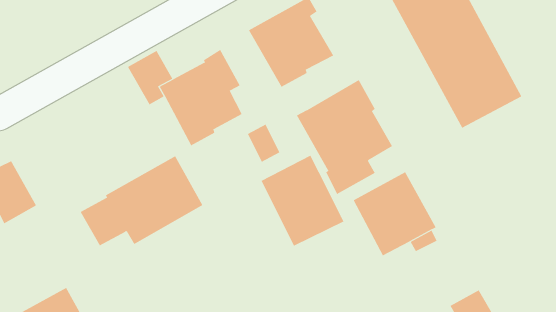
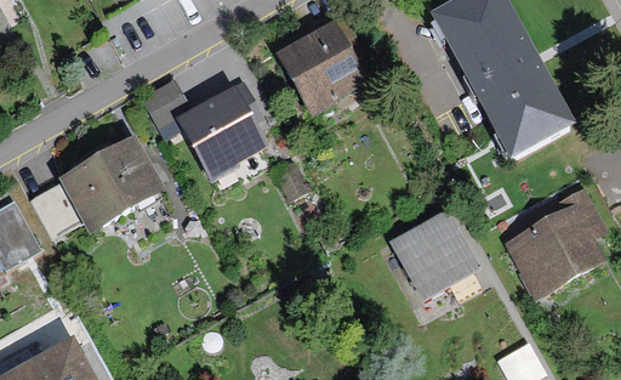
building: [296,79,393,195] -> none
building: none -> [502,183,608,297]
building: [261,155,344,247] -> none
building: [80,156,203,246] -> [30,134,166,233]

